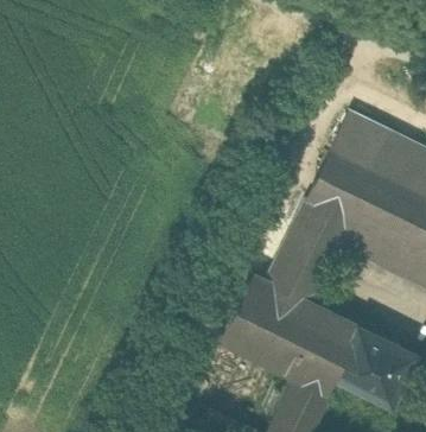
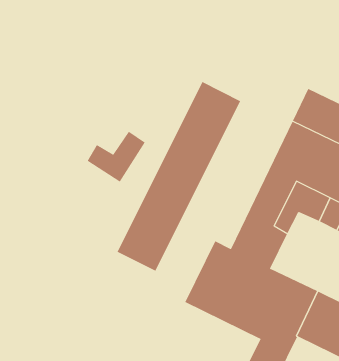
building: none -> [117,81,241,272]
building: none -> [87,131,146,182]

